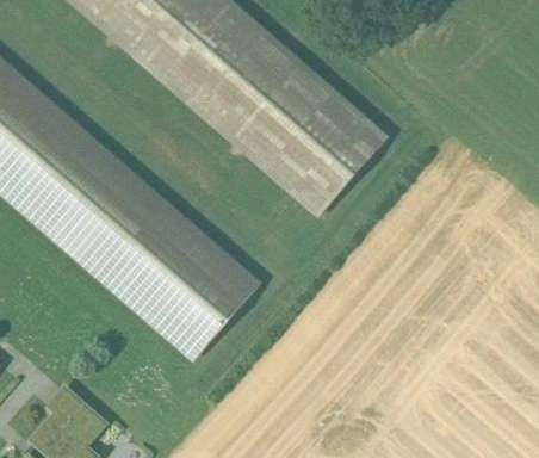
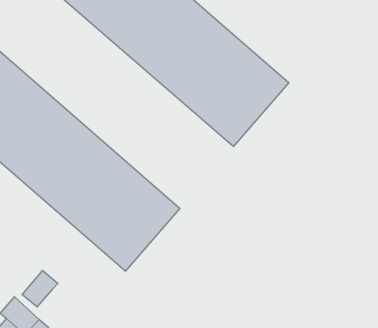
building: none -> [22,270,58,307]

